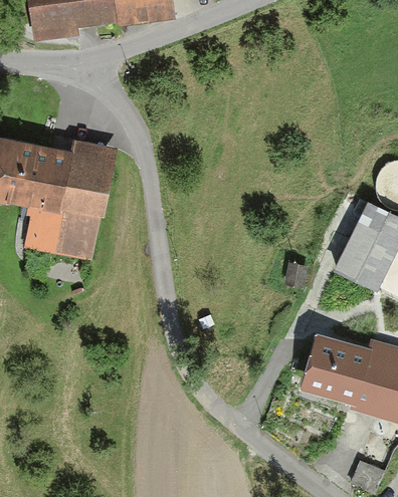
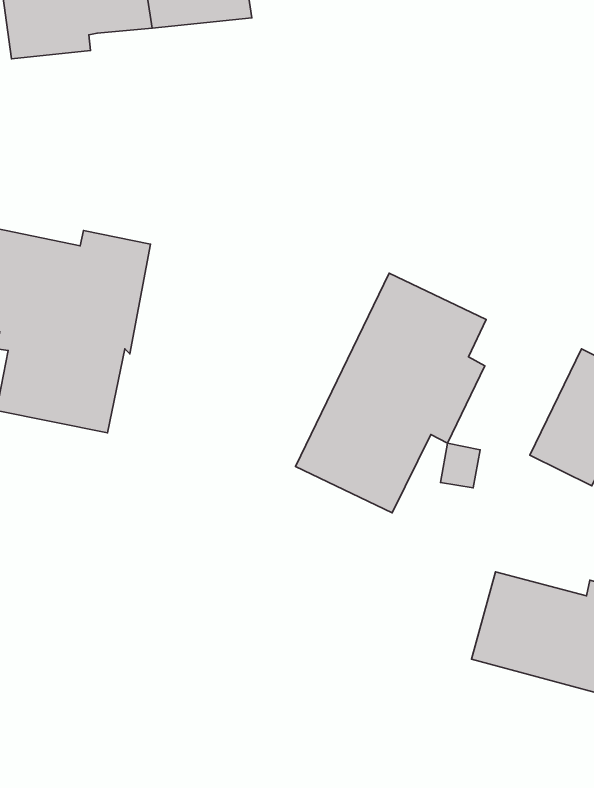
building: none -> [296,273,486,513]

